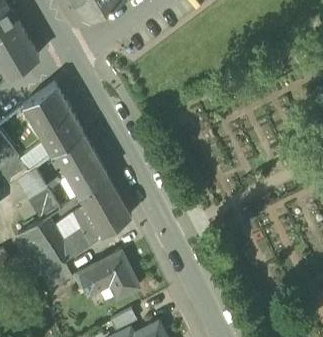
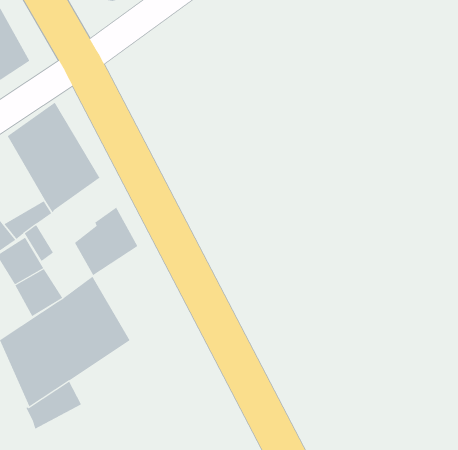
building: [54,132,93,173] -> none
building: [78,175,131,235] -> none
building: [76,250,139,297] -> none

